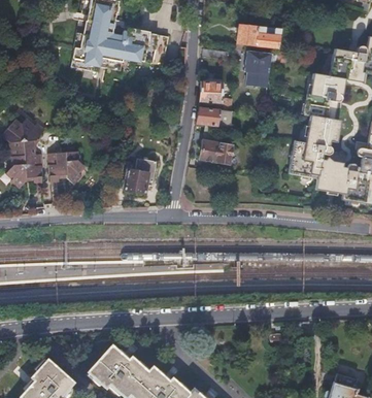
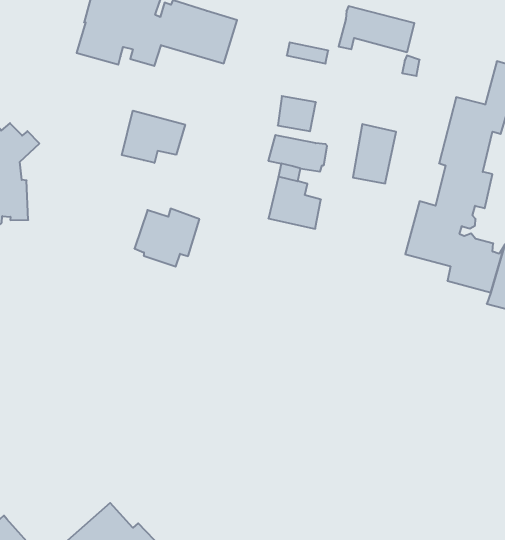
building: [246,51,271,87] -> [353,124,396,183]
building: none -> [122,111,185,163]
building: [54,146,89,178] -> none

